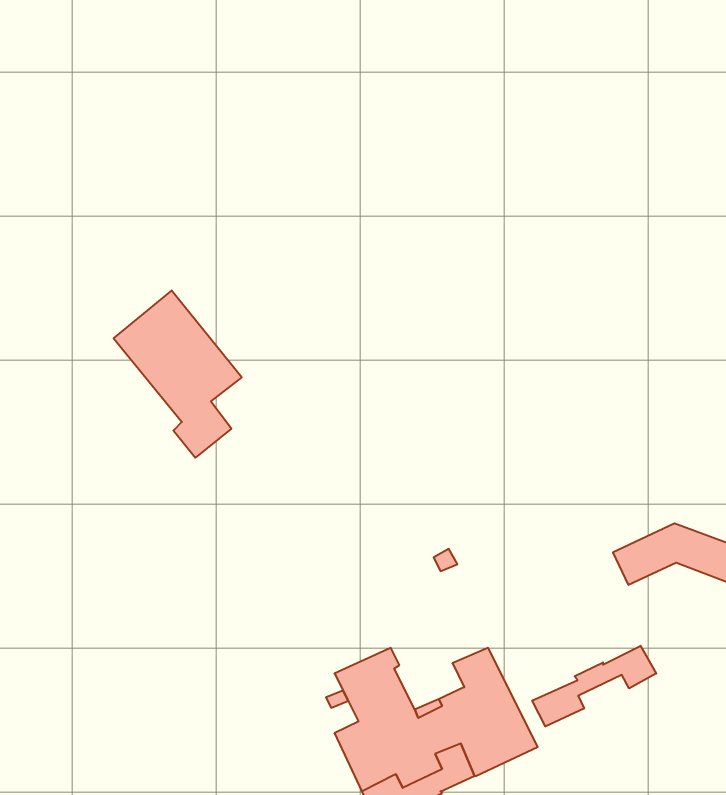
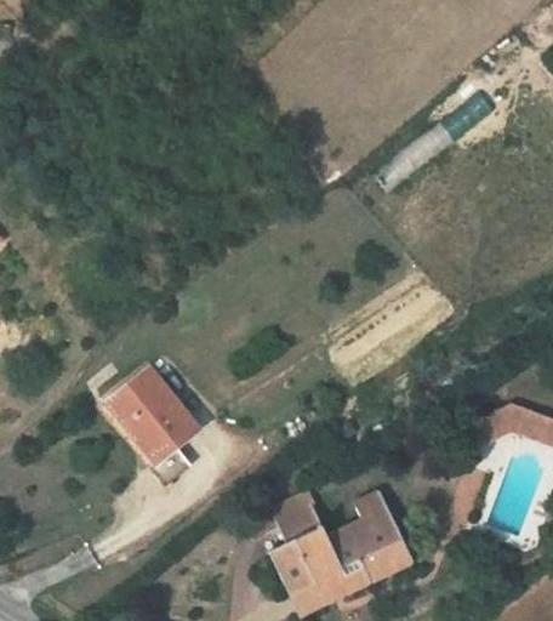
building: [114,290,242,458] -> [108,369,199,488]
building: [532,646,656,726] -> none

